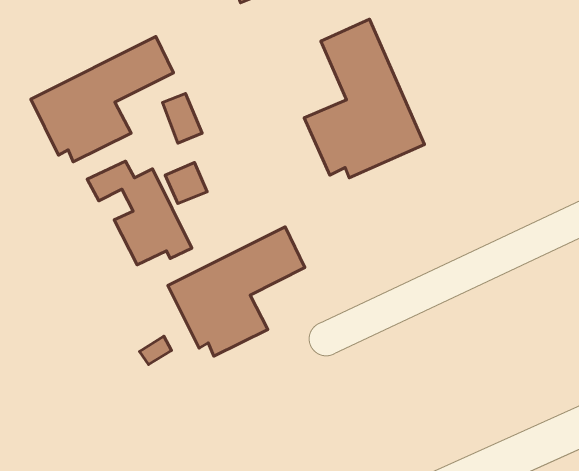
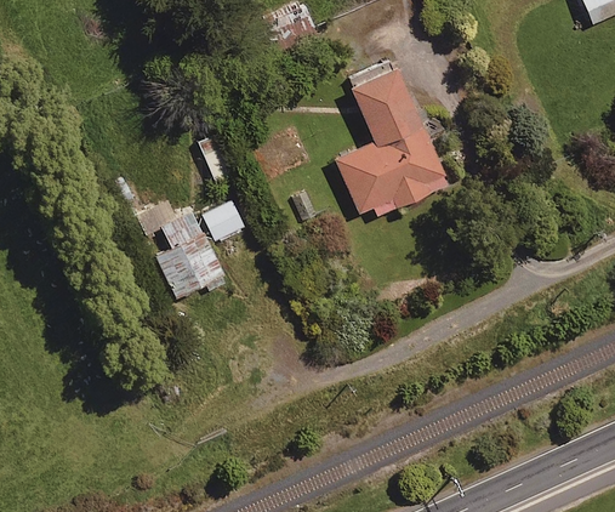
building: [31,36,174,162] -> none
building: [168,227,305,356] -> none

